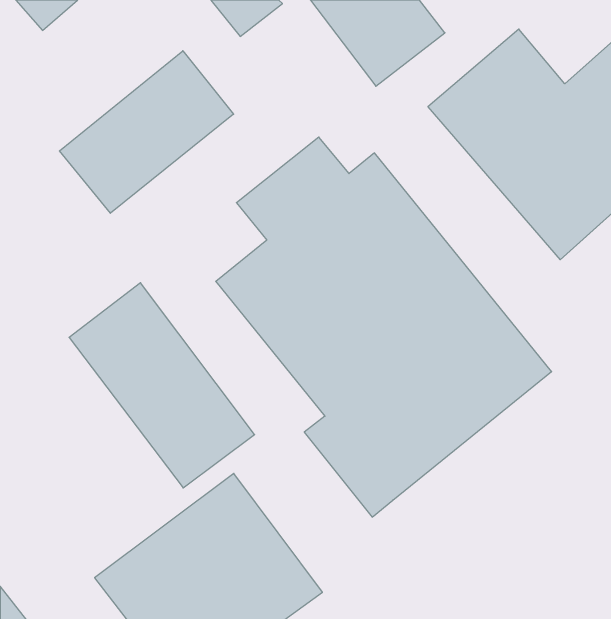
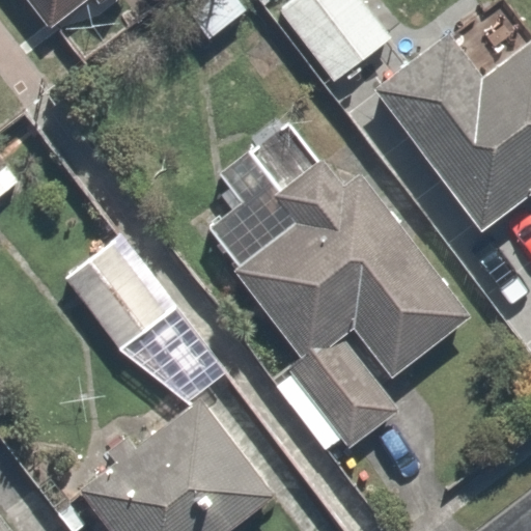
building: [59,51,234,213] -> none

